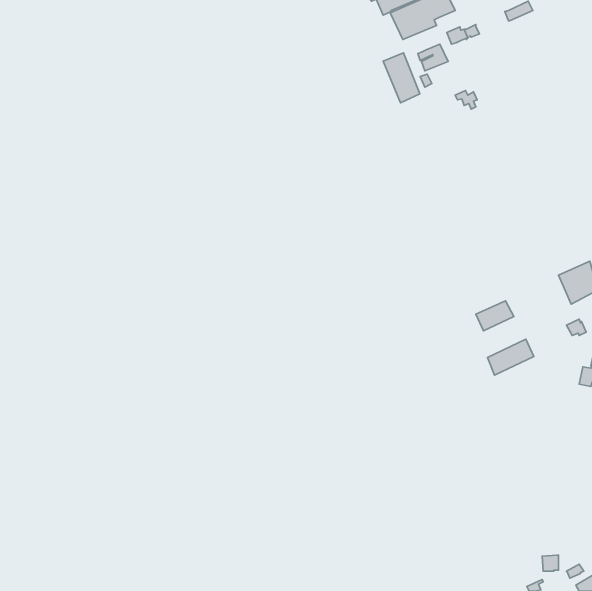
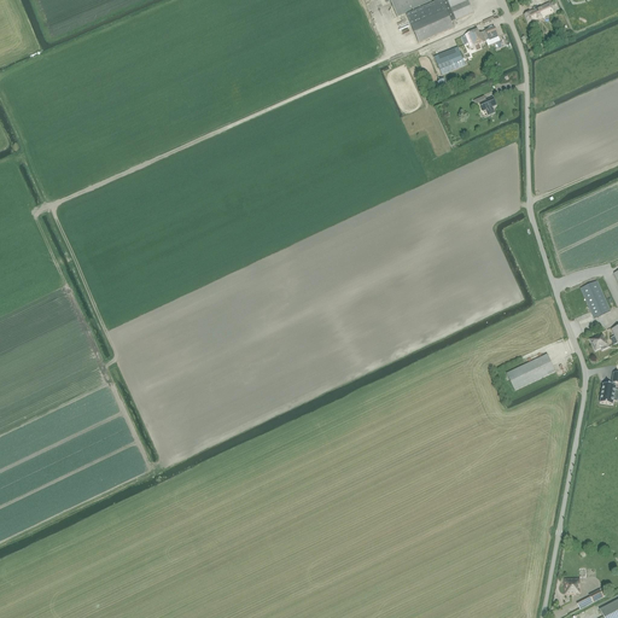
building: [383,53,420,103] -> none
building: [476,301,514,331] -> none

